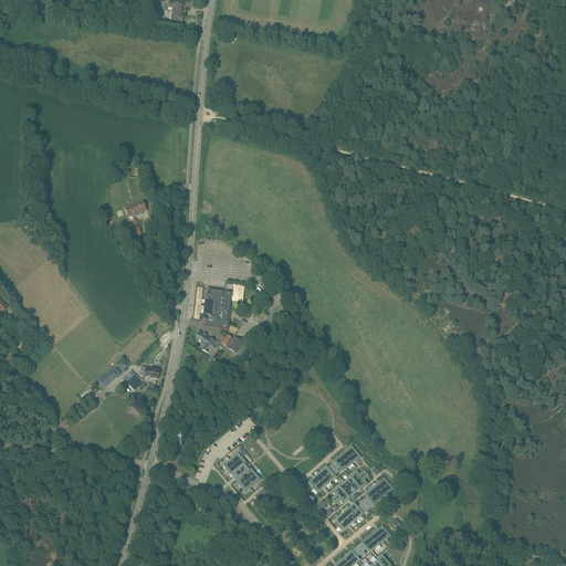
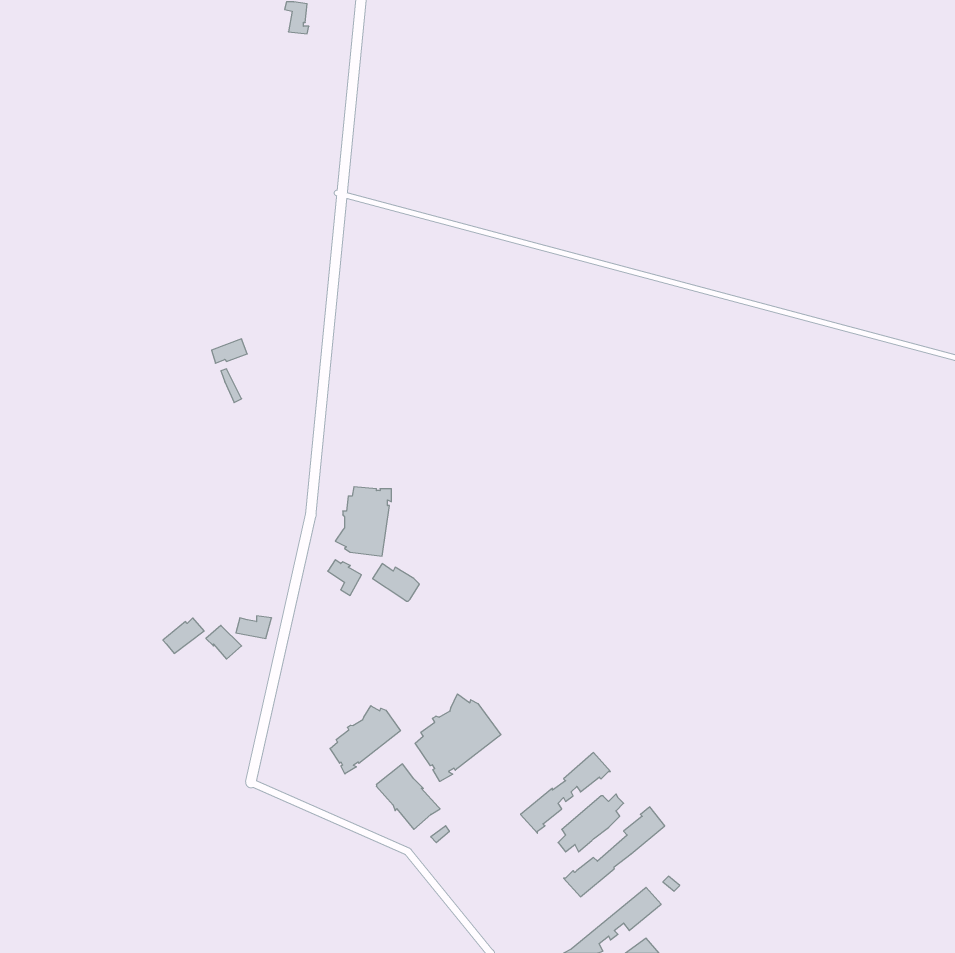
building: none -> [415,694,501,781]
building: none -> [330,706,400,774]

